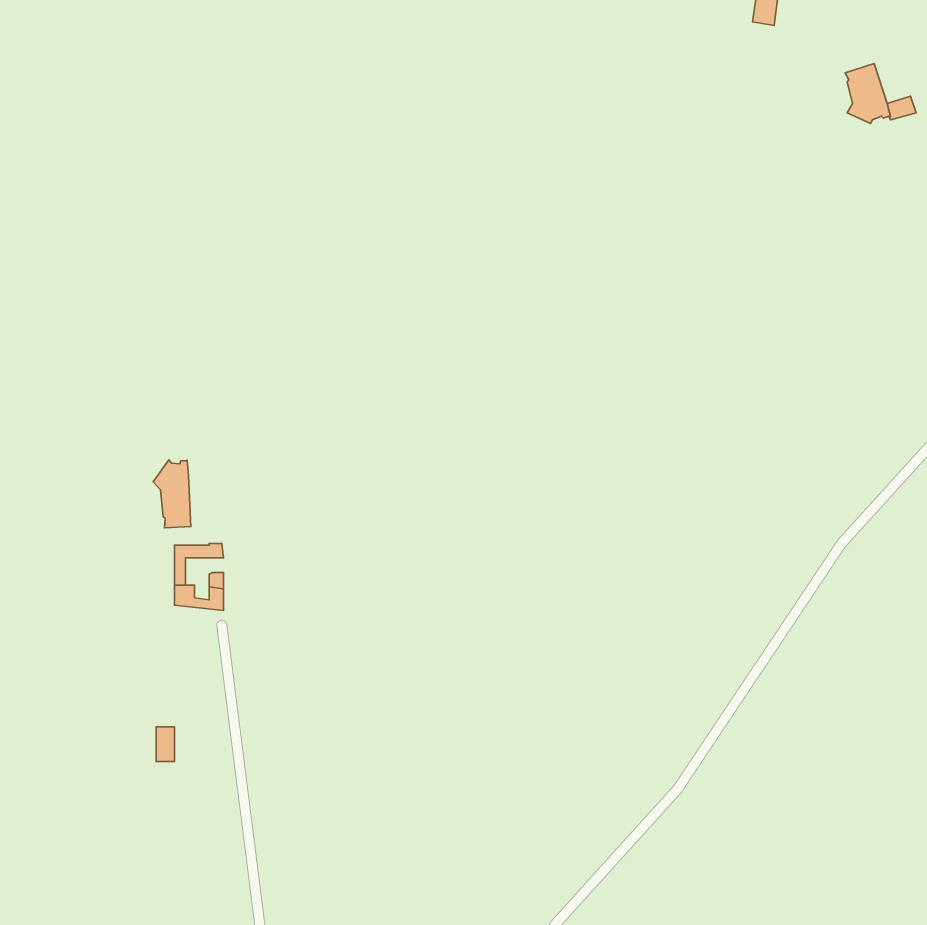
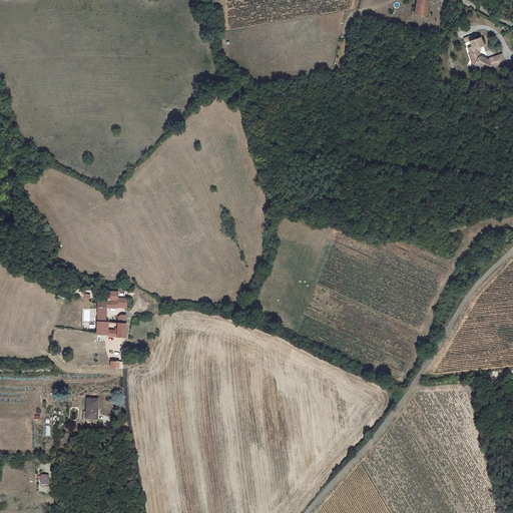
building: [153,460,191,528] -> none

